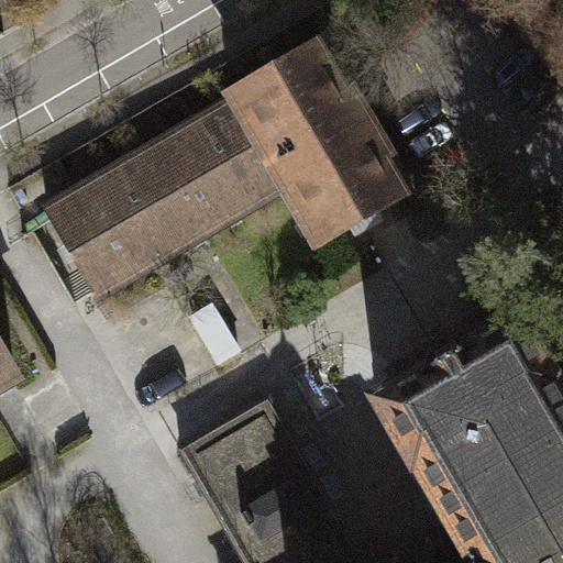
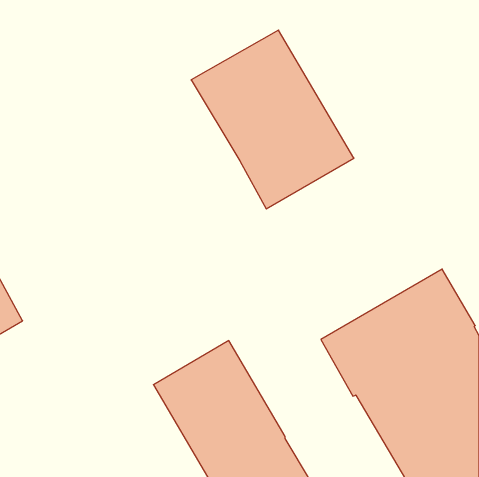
building: [42,98,280,302] -> none

